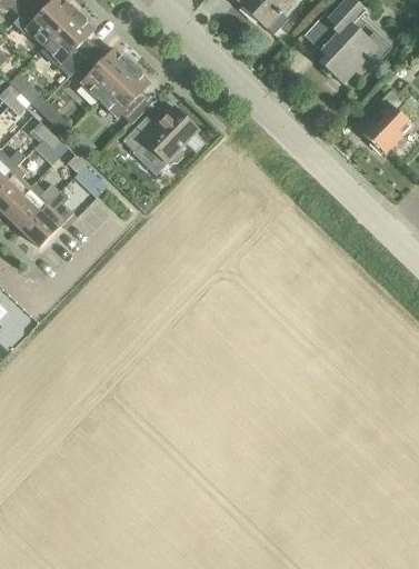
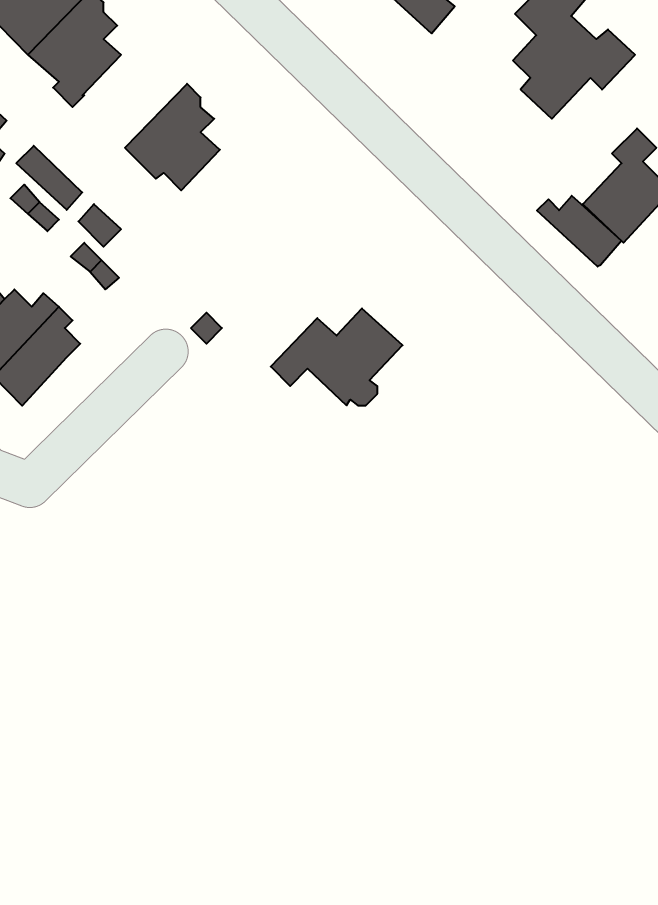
building: [73,47,133,100] -> none
building: [121,108,197,163] -> [271,308,403,405]
building: none -> [537,196,621,267]

